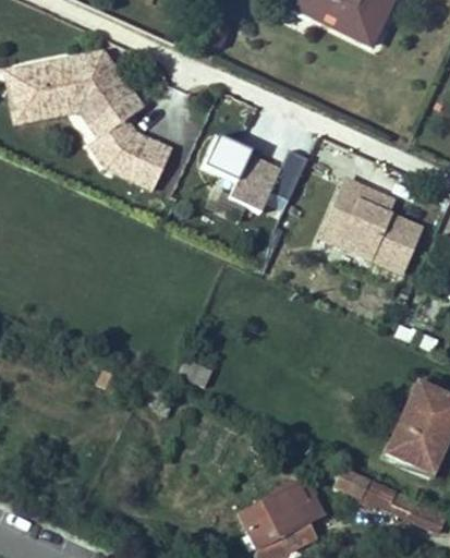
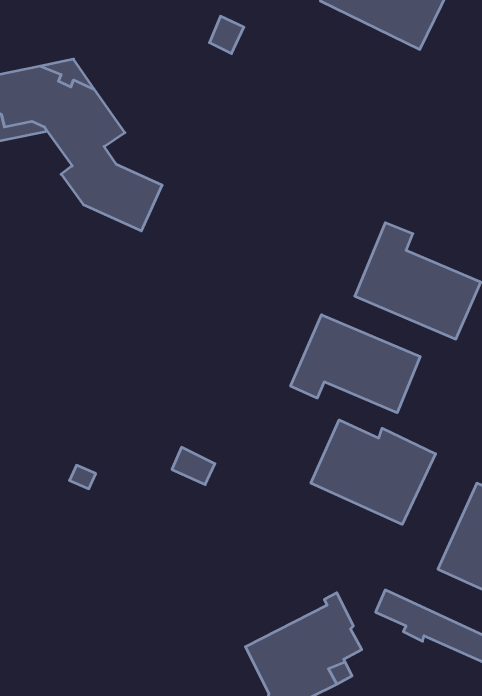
building: [207,135,308,213] -> none
building: none -> [291,315,420,413]
building: none -> [311,420,436,524]

